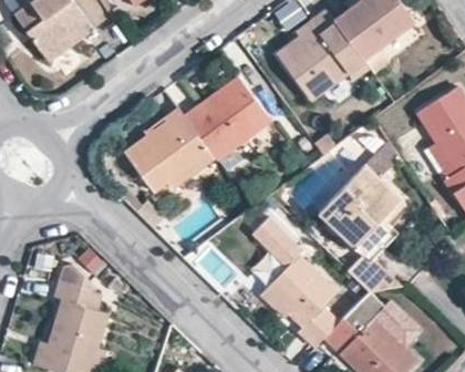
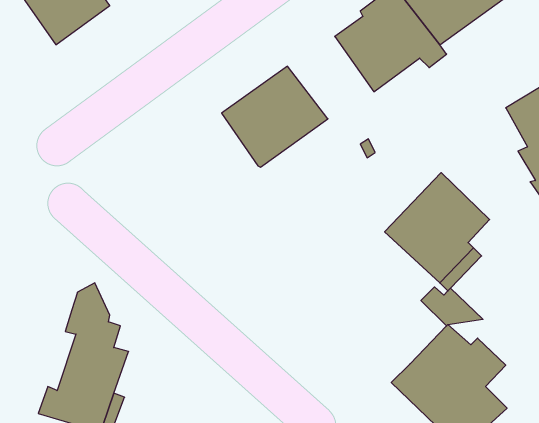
building: [124,112,214,192] -> none
building: [256,219,339,348] -> none

